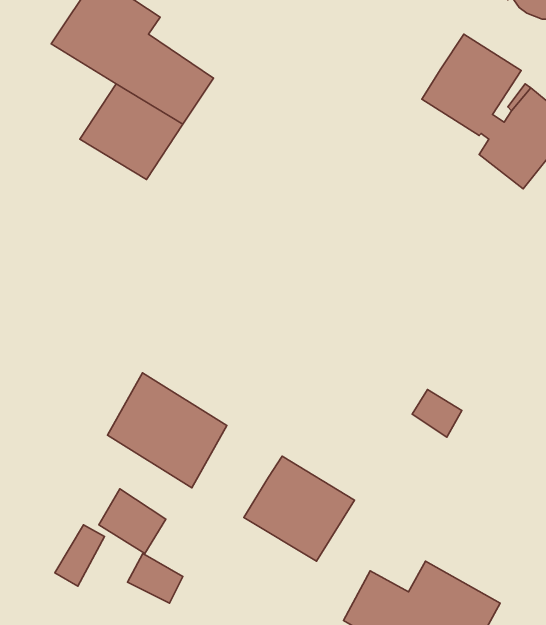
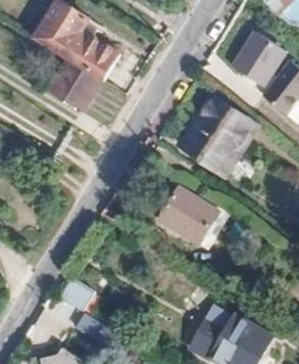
building: none -> [180,97,252,172]
building: [108,373,227,488] -> none
building: [244,456,355,561] -> [159,187,218,243]

